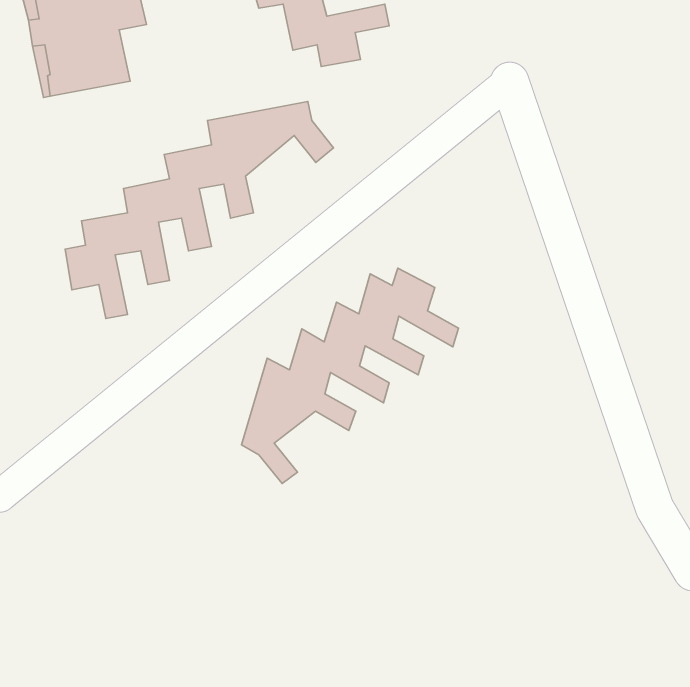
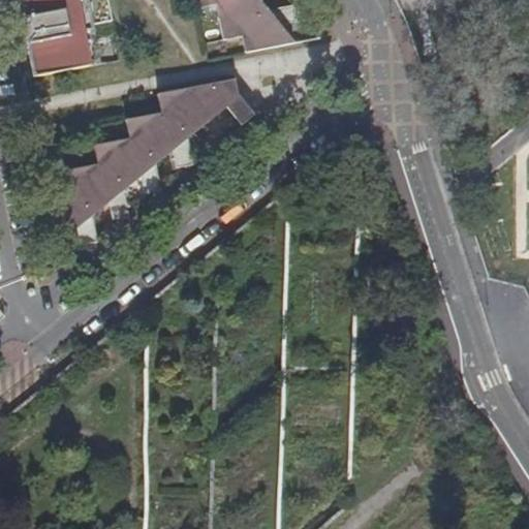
building: [242,268,458,484] -> none

